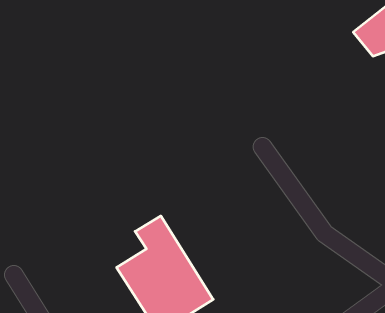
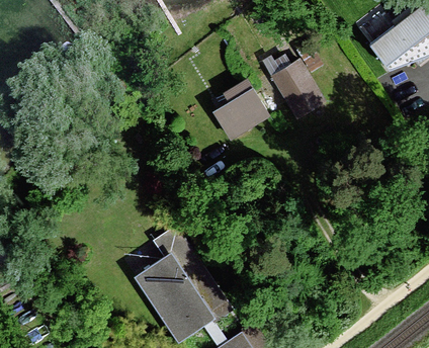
building: none -> [271,53,330,120]
building: none -> [209,79,264,140]

